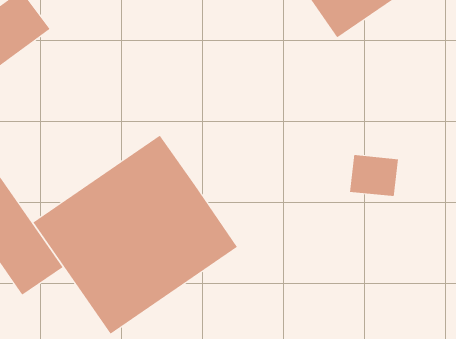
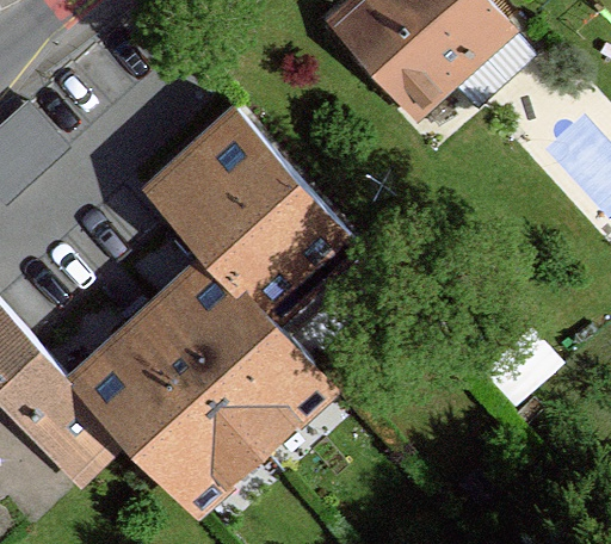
building: none -> [153,117,345,314]

